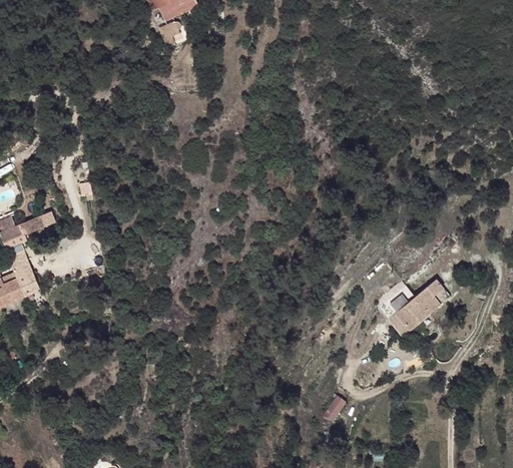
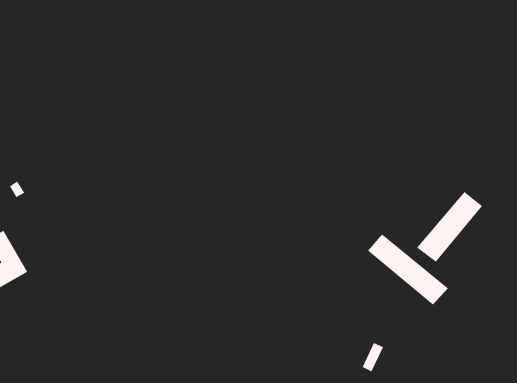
building: none -> [367,234,449,305]

